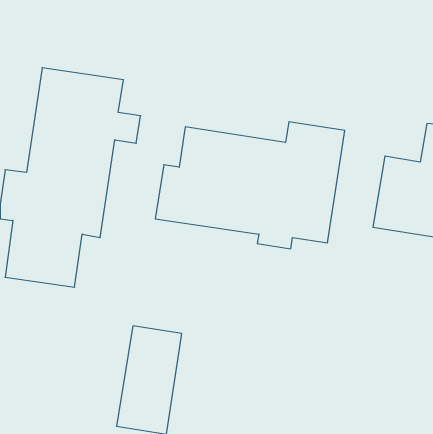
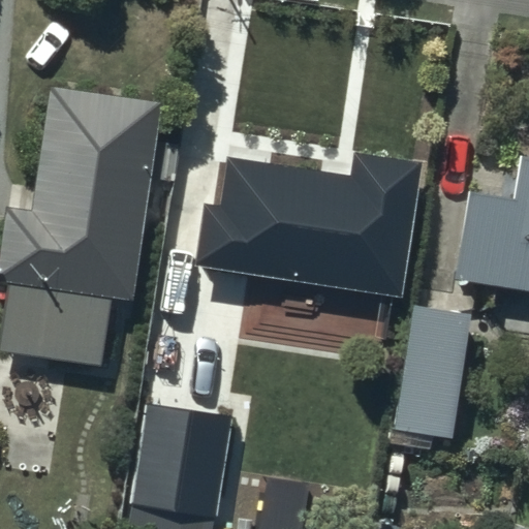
building: none -> [396,305,469,437]

